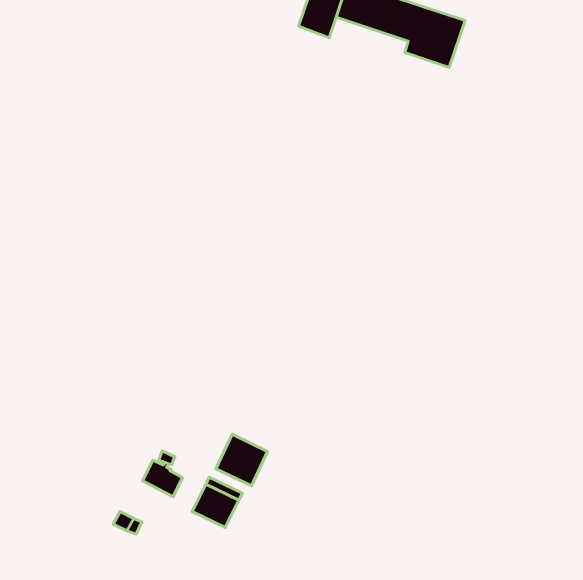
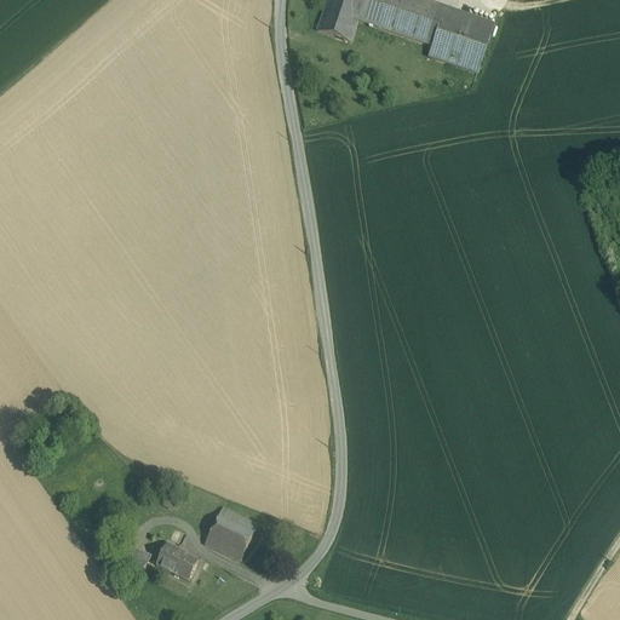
building: [216,434,268,486] -> none
building: [142,460,182,497] -> [155,541,197,580]

